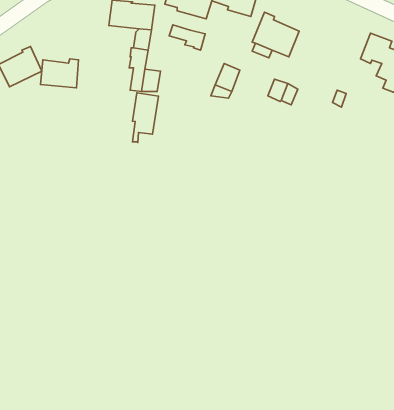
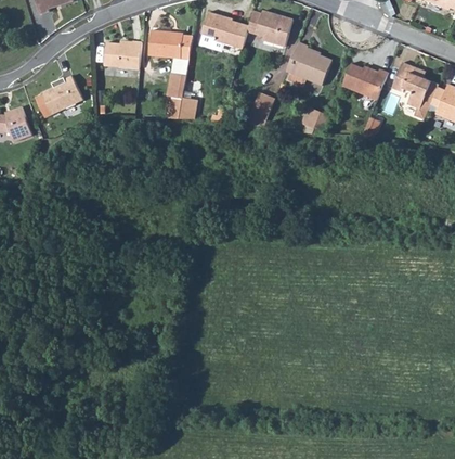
building: [169,25,205,50] -> none
building: none -> [341,62,388,100]
building: [41,59,79,88] -> [104,40,141,68]
building: [133,93,158,142] -> none

